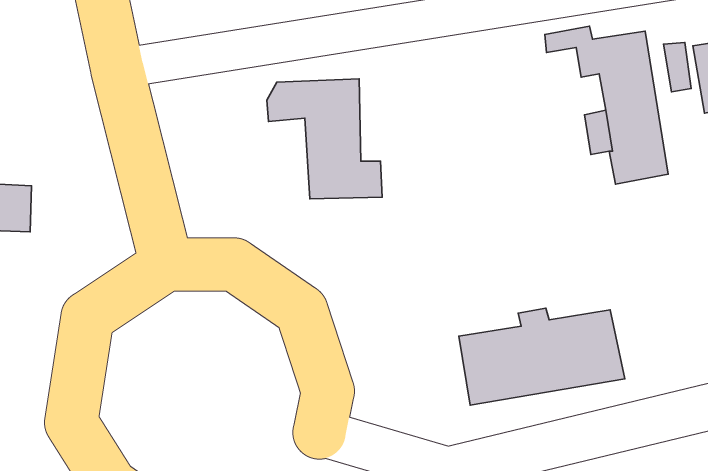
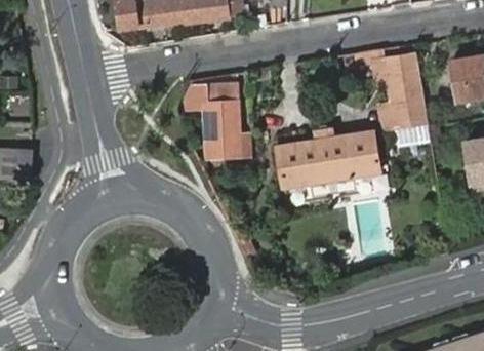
building: [459,308,625,405] -> [276,128,379,189]

